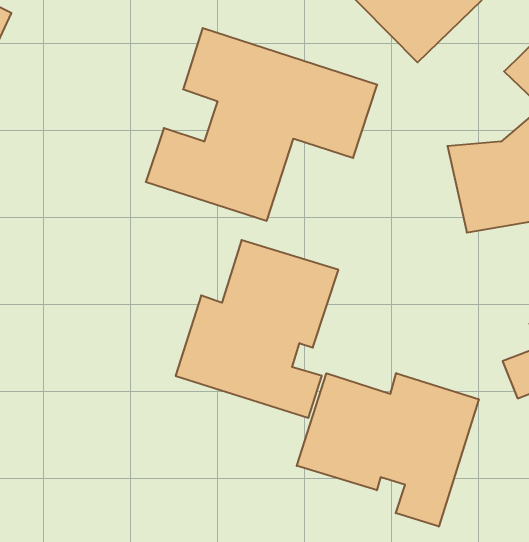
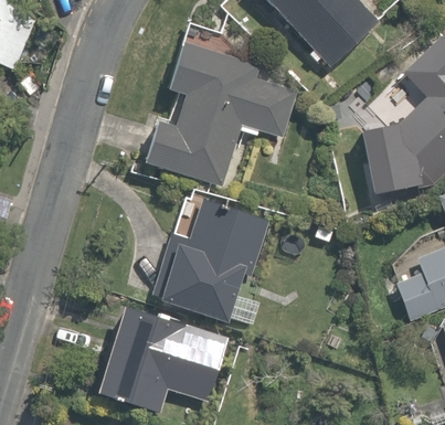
building: [297,373,479,527] -> none
building: none -> [92,304,229,412]

